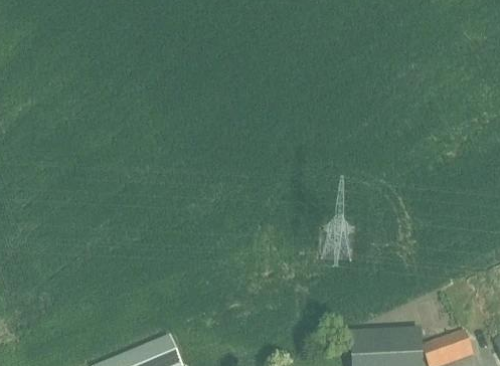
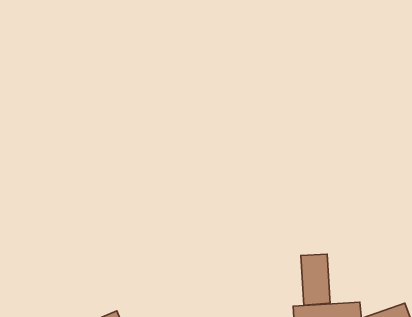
building: none -> [301,254,330,305]

